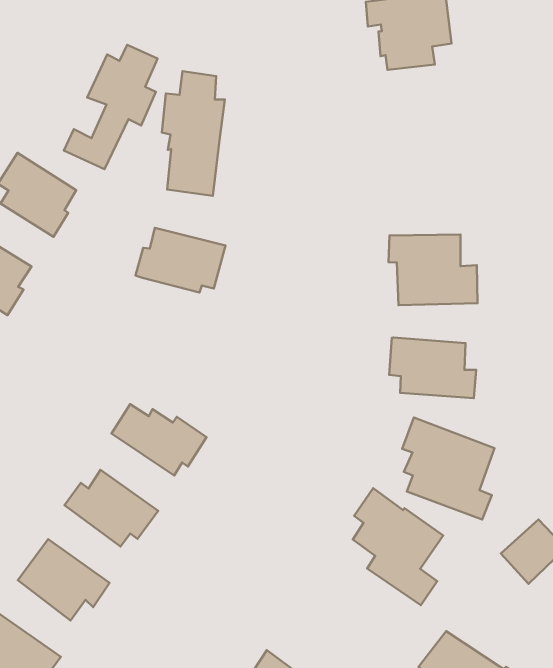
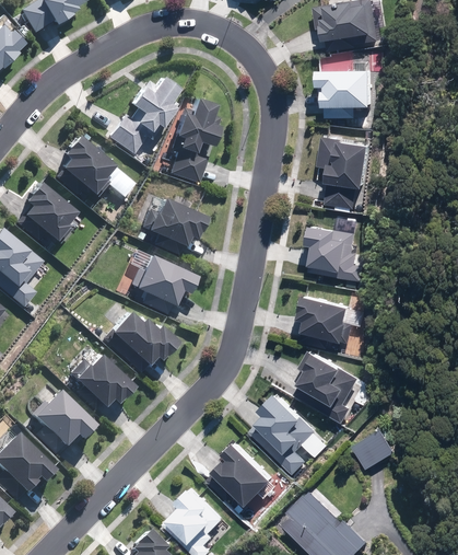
building: none -> [321,137,372,207]
building: none -> [129,253,192,304]
building: none -> [215,441,273,504]

